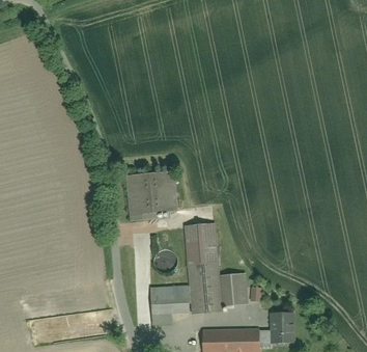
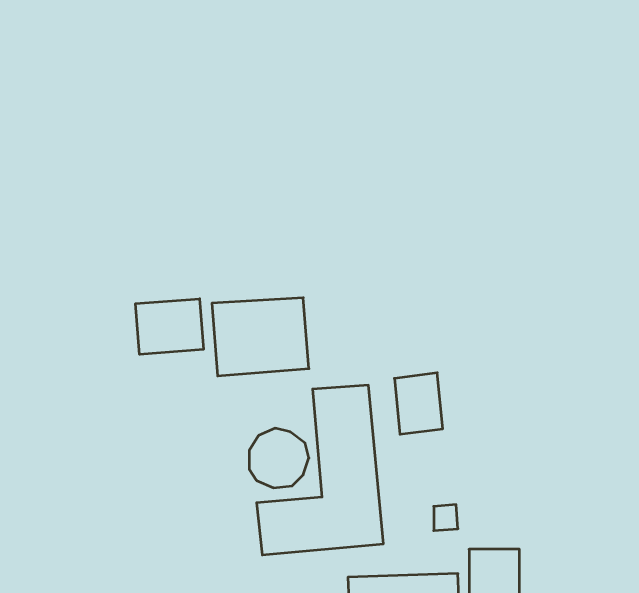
building: none -> [136,299,203,354]
building: [220,273,247,307] -> [394,373,443,434]

